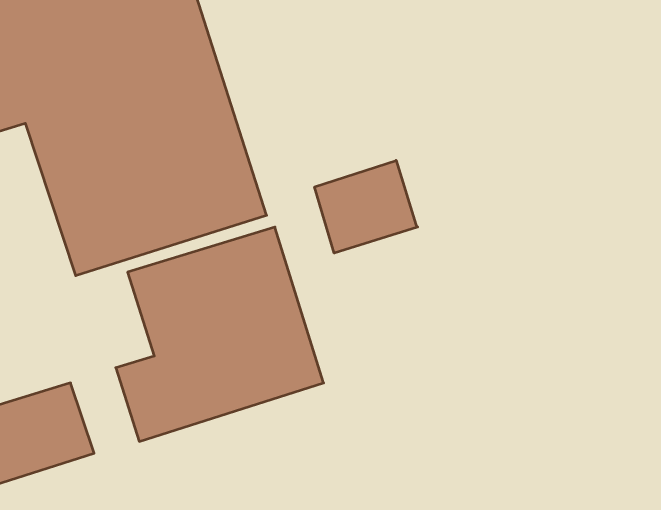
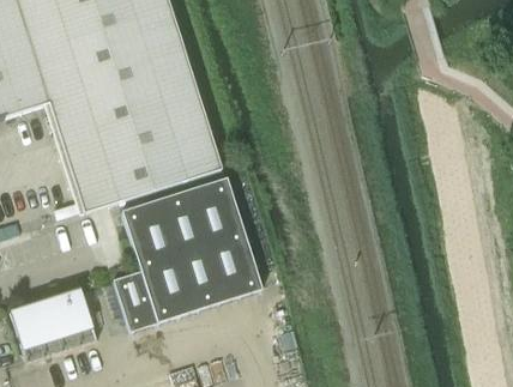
building: [315,160,418,253] -> none

